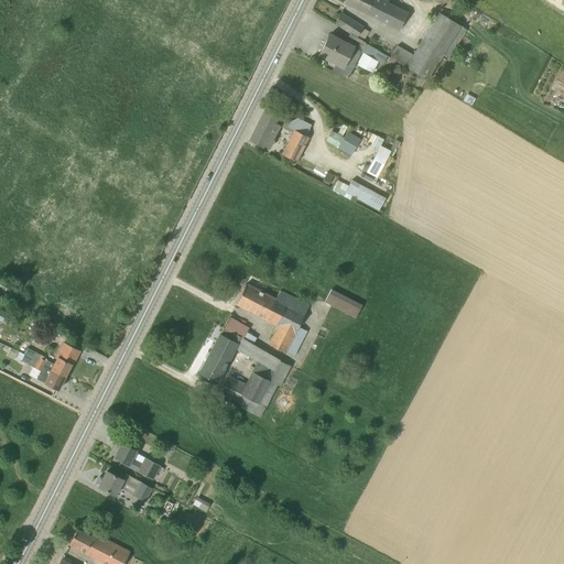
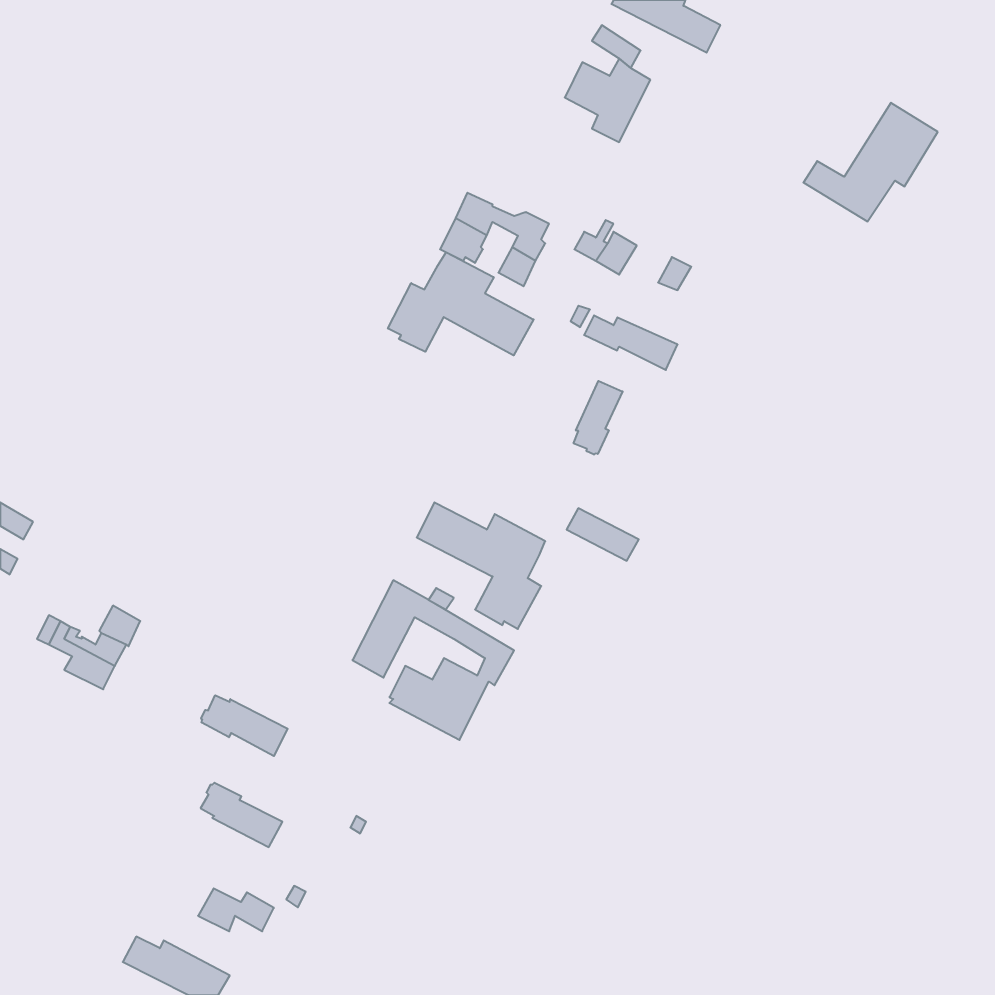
building: [390,13,466,80] -> [803,103,938,221]
building: none -> [388,252,534,355]
building: none -> [574,381,623,455]
building: none -> [201,695,288,756]
building: [98,471,141,496] -> [198,888,274,931]

